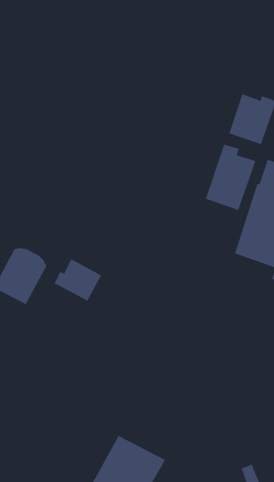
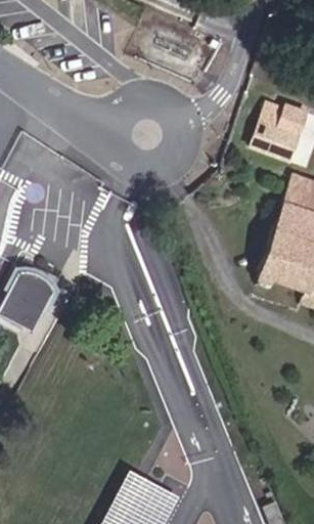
building: [205,144,256,211] -> none
building: [54,258,102,301] -> none

